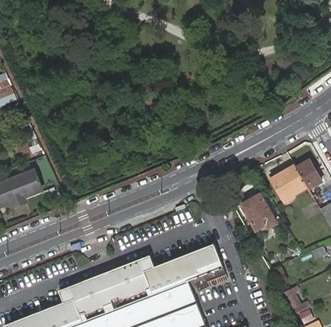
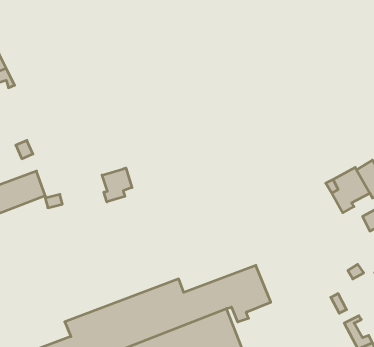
building: none -> [102,168,132,202]
building: [240,194,275,231] -> none

